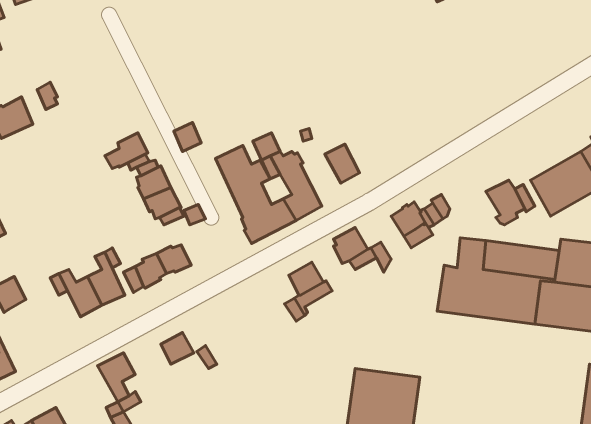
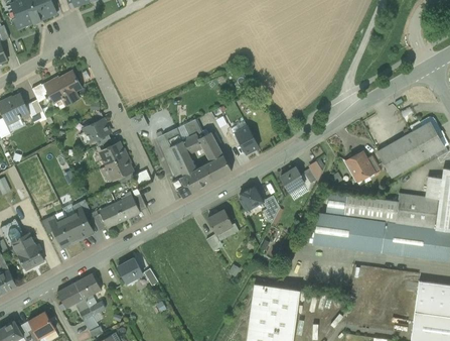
building: none -> [44,71,82,103]
building: none -> [12,234,44,270]
building: none -> [57,282,84,308]

